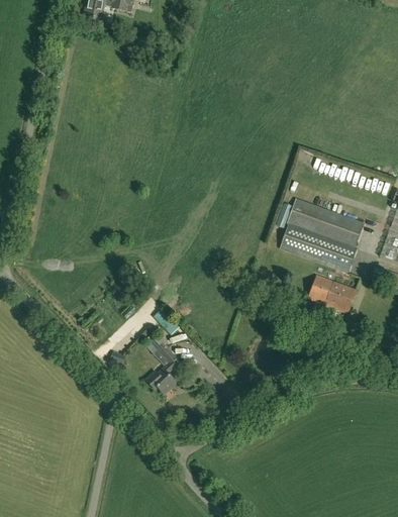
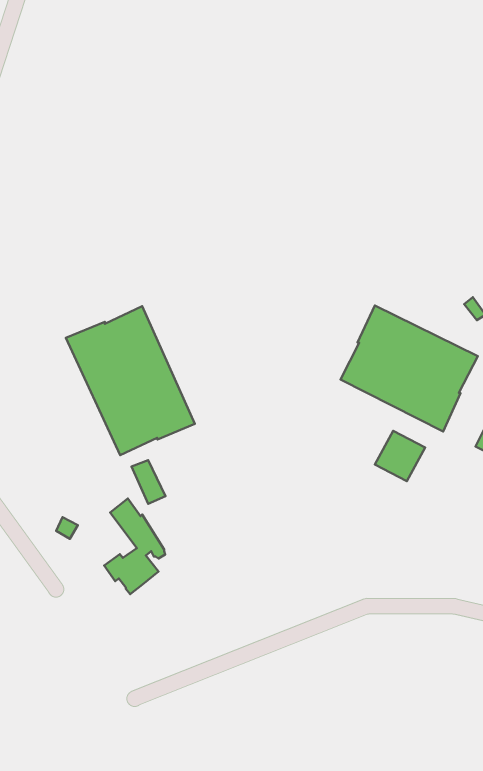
building: none -> [66,306,195,455]
building: [328,283,356,312] -> none

